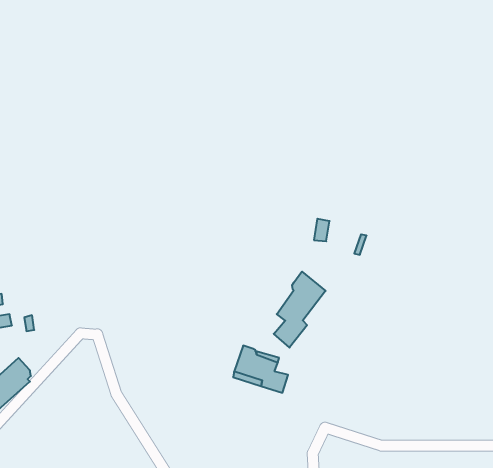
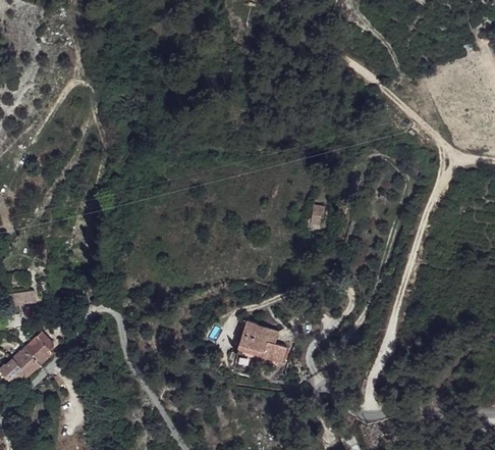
building: [274,272,326,348] -> none

